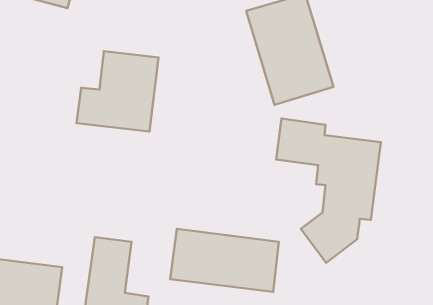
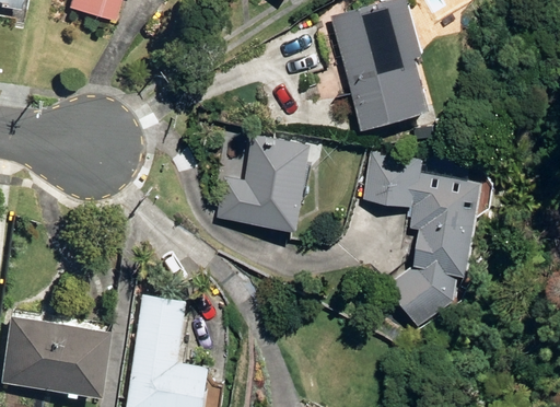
building: [77,51,159,132] -> [217,132,315,229]
building: [170,229,279,292] -> none

